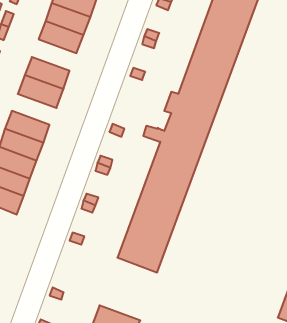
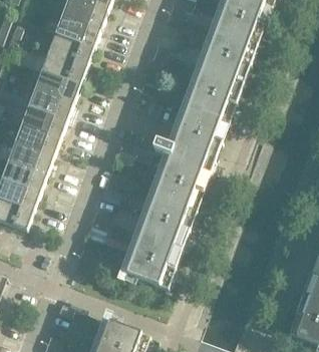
building: none -> [40,53,85,85]
building: none -> [20,108,65,139]

